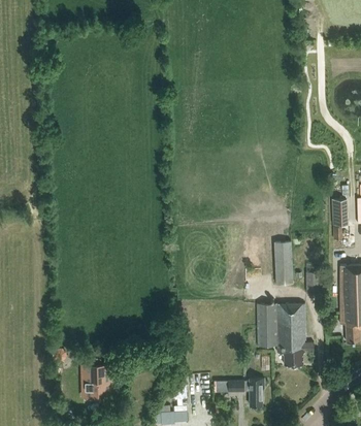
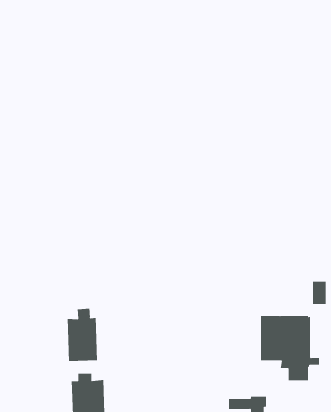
building: [274,241,293,286] -> none
building: none -> [67,308,98,362]

